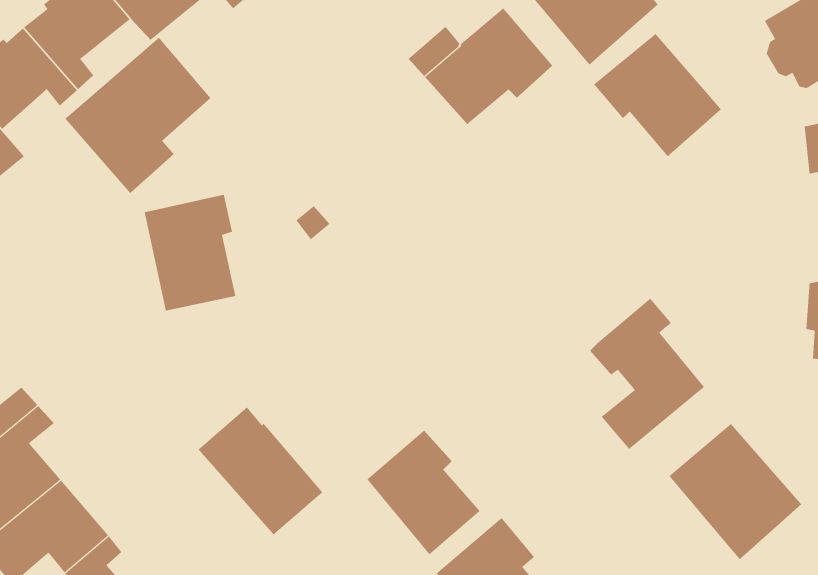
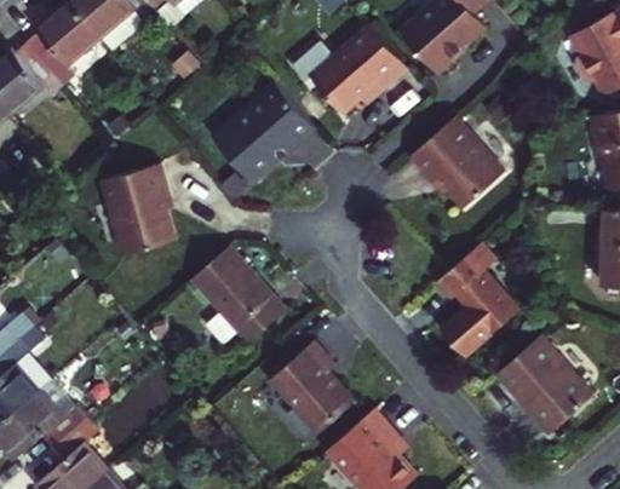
building: [593,33,722,157] -> [408,121,503,212]
building: [64,37,211,194] -> none
building: none -> [211,81,316,183]
building: [198,406,323,535] -> [193,243,285,338]

